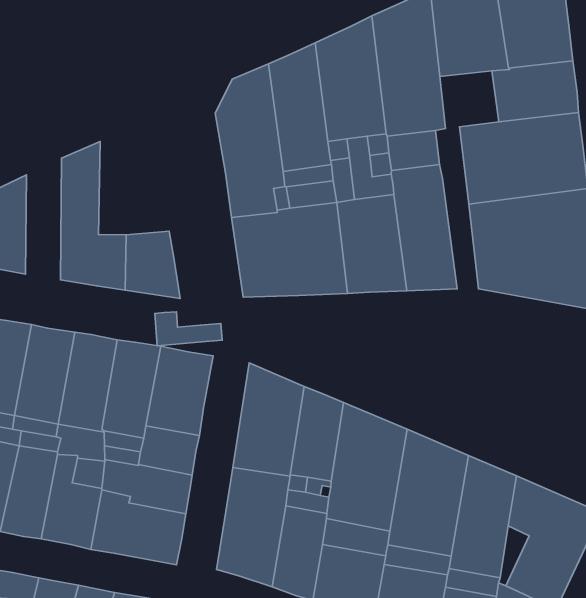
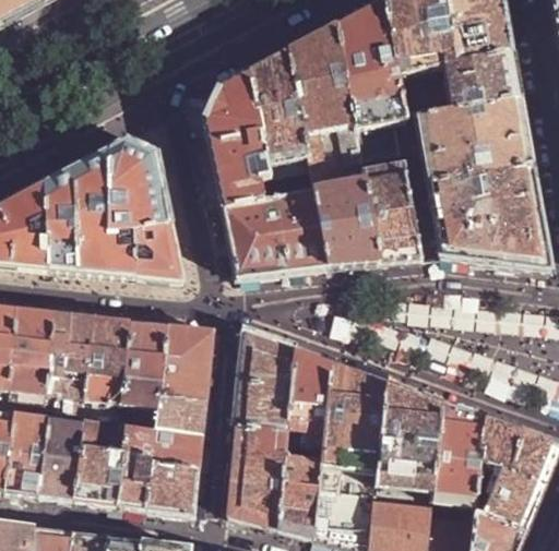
building: none -> [396,67,450,119]
building: none -> [105,137,169,229]
building: none -> [43,165,78,271]
building: [155,312,222,346] -> none

